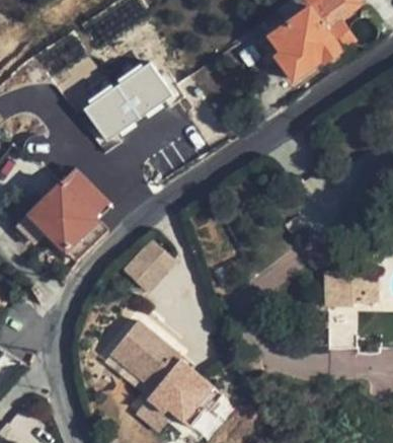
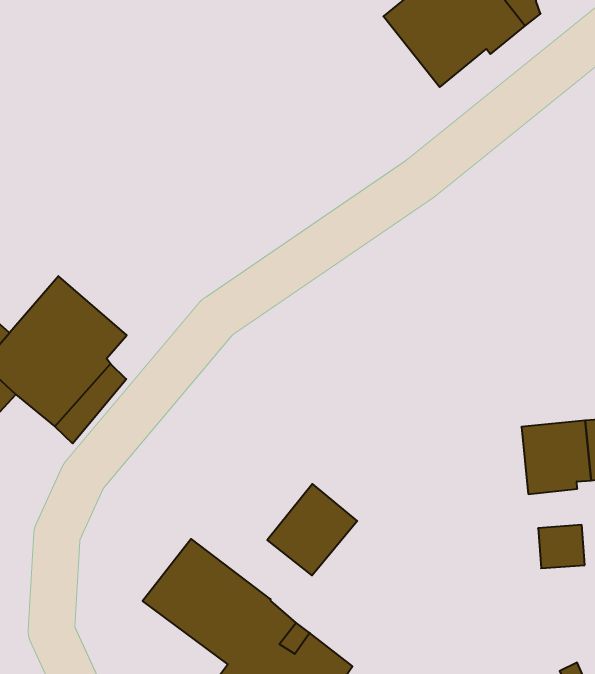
building: [82,58,176,140] -> none
building: [128,238,178,289] -> [267,484,357,575]

